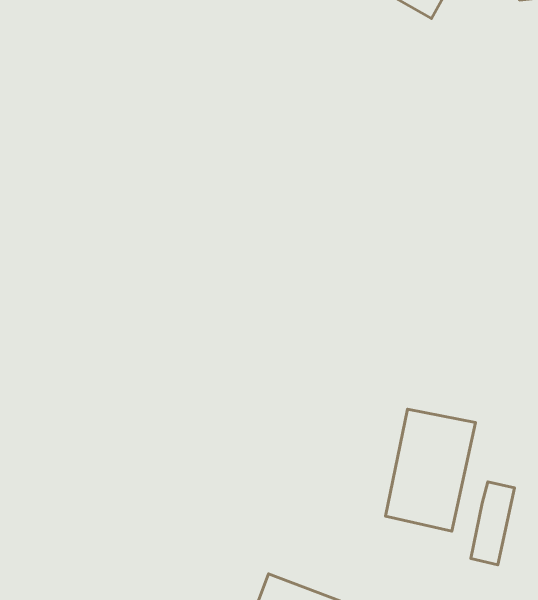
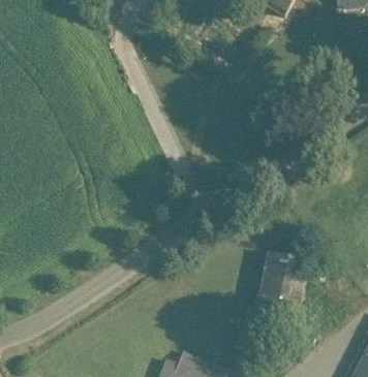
building: [471,482,515,565] -> none

